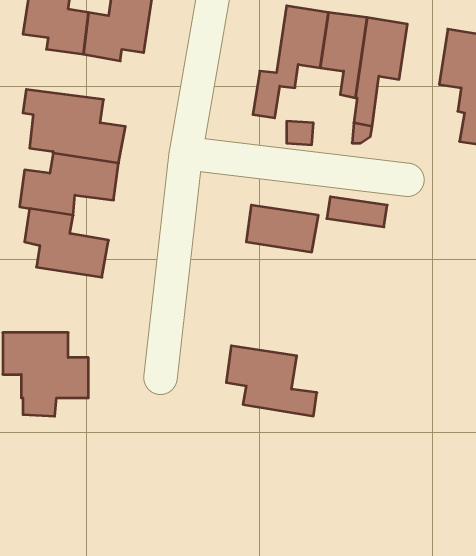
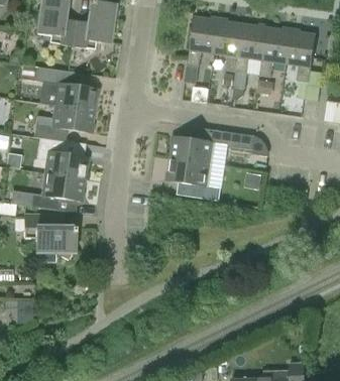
building: none -> [260,27,293,89]
building: none -> [32,173,85,210]
building: [226,346,317,416] -> [168,158,223,201]

